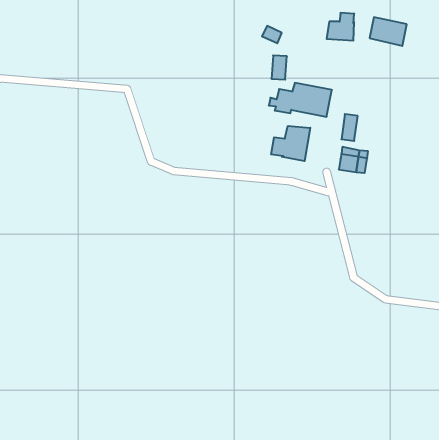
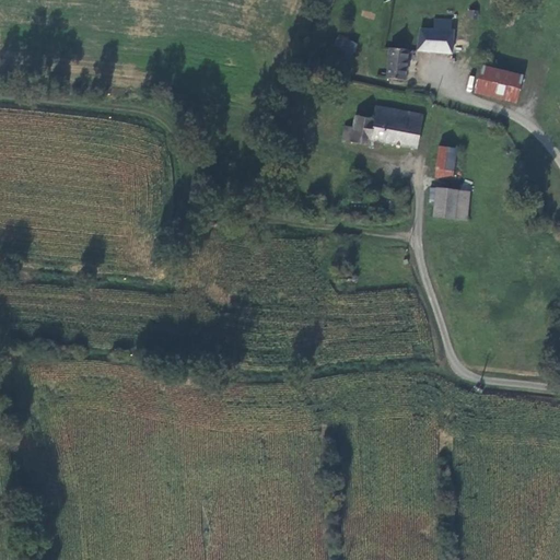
building: [370,17,407,46] -> [475,66,522,102]
building: [271,55,287,80] -> [387,48,407,79]
building: [271,126,310,161] -> none

